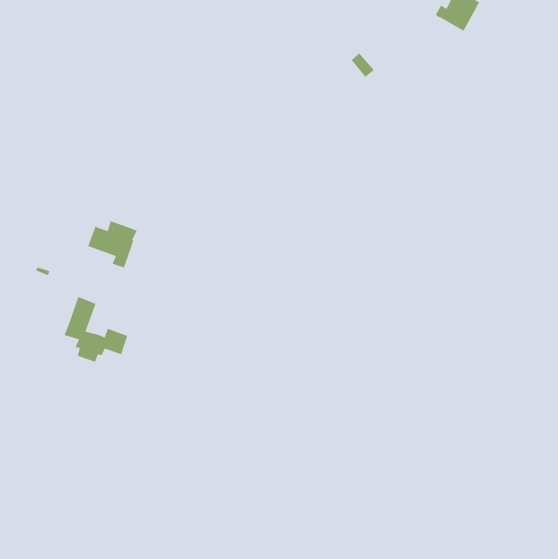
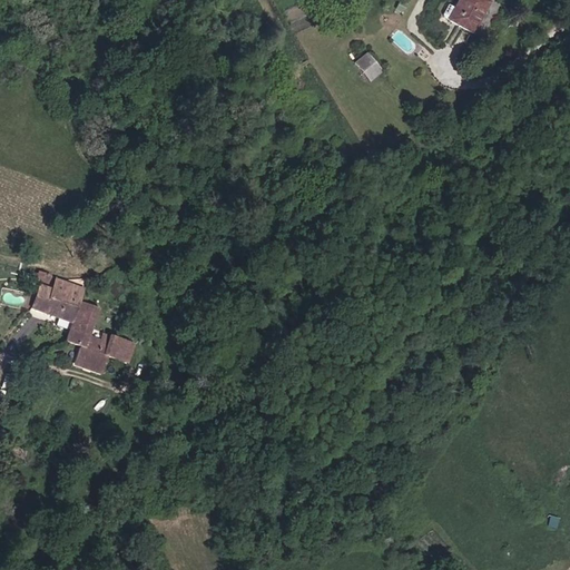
building: [87,220,138,268] -> [33,281,85,330]

